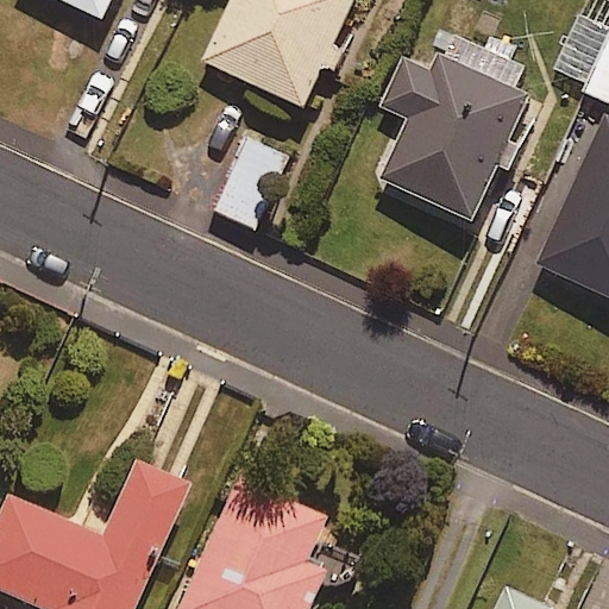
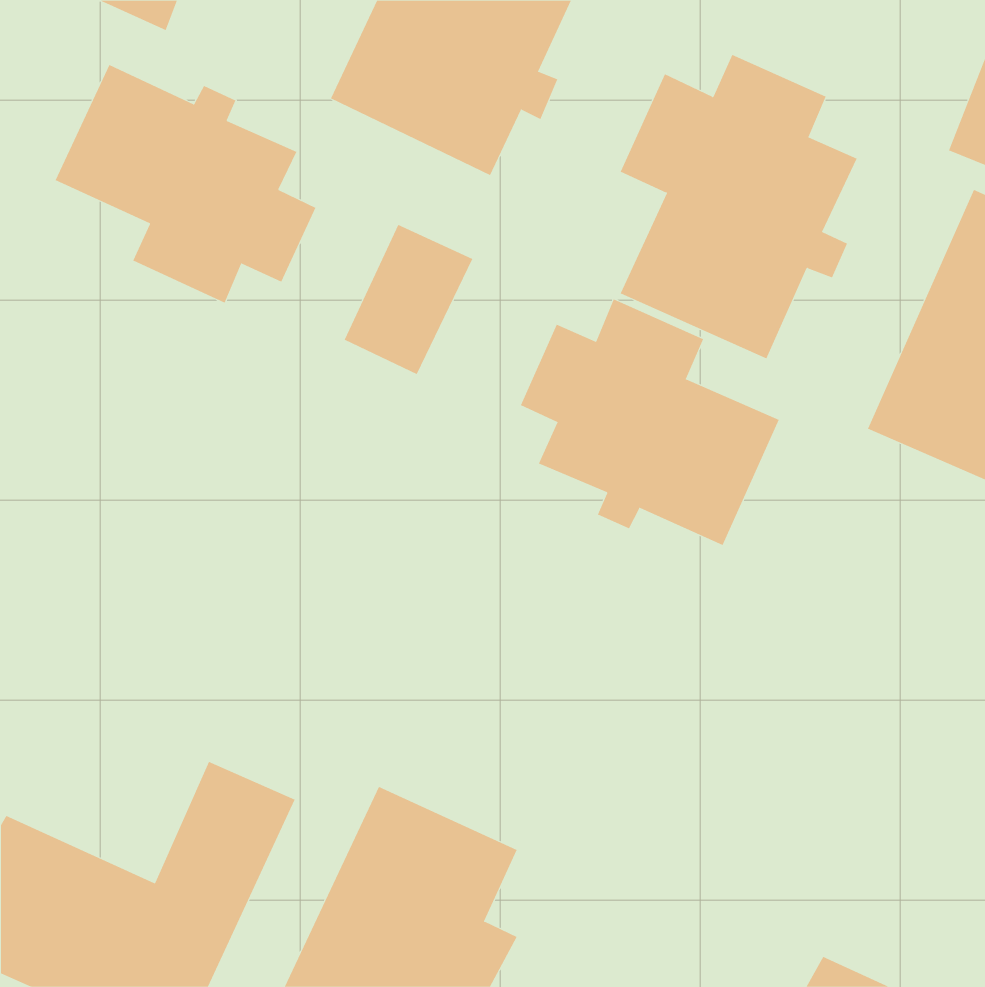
building: none -> [55,64,316,303]
building: none -> [520,299,779,546]

